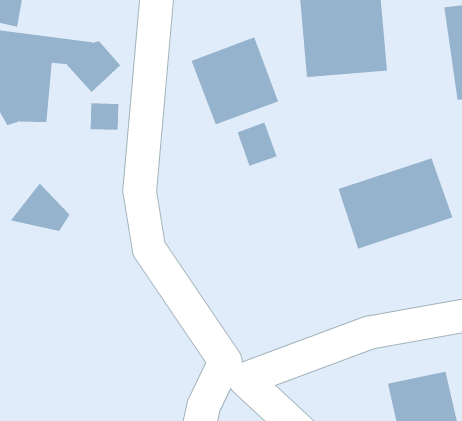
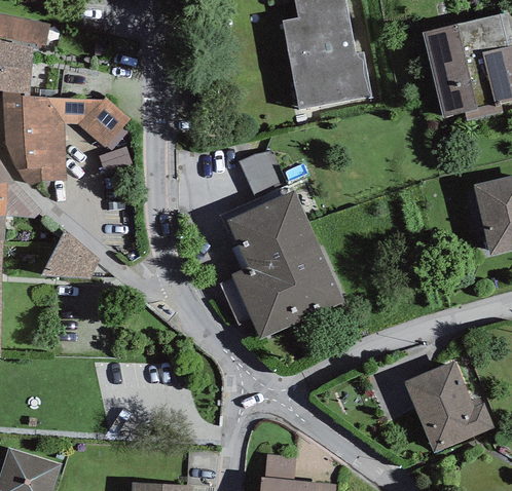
building: [191,37,279,125] -> none
building: [338,158,453,250] -> none
building: none -> [223,189,343,340]

